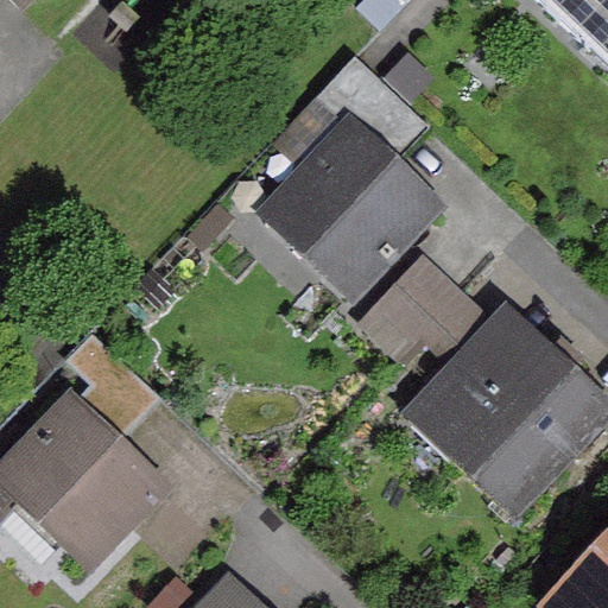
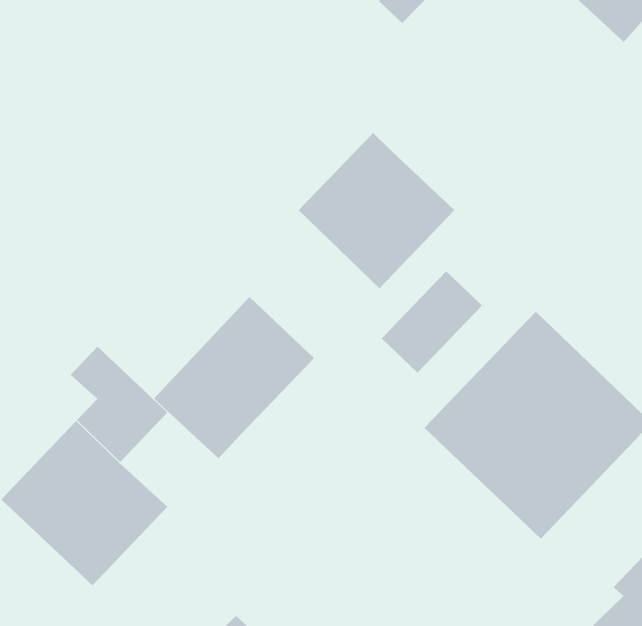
building: [316,57,410,150] -> none
building: none -> [153,296,315,459]

